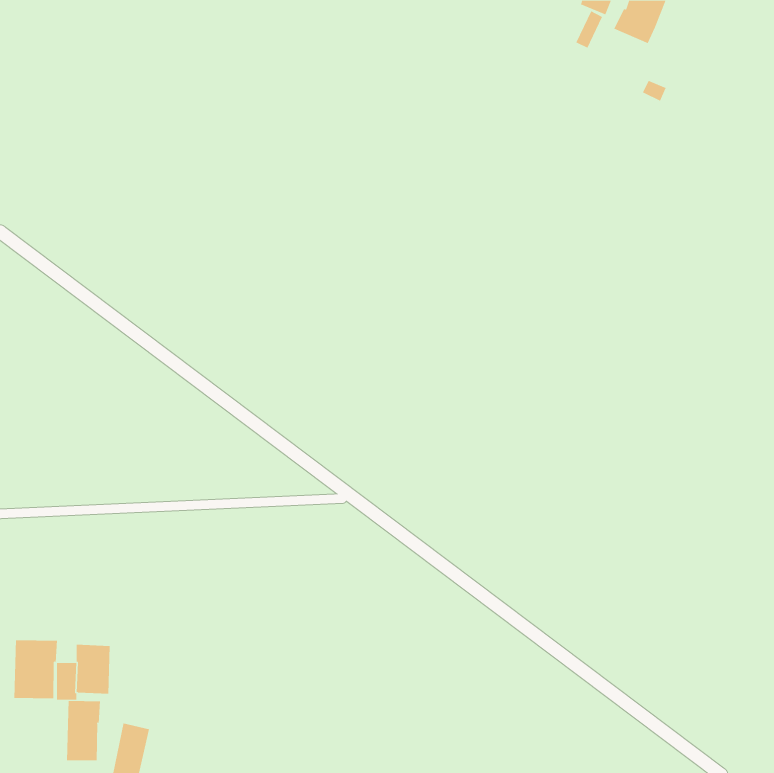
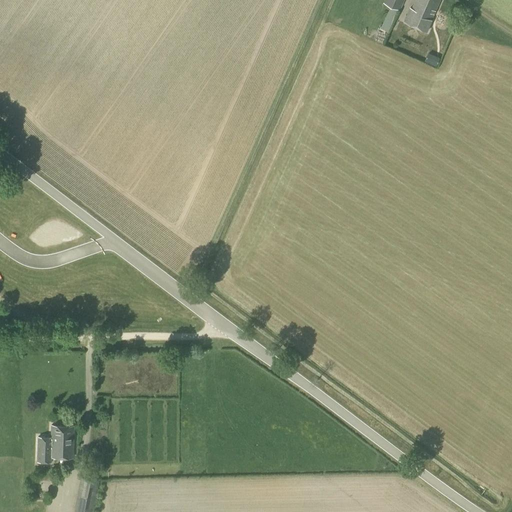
building: [14,639,57,699] -> none
building: [66,700,100,761] -> none

